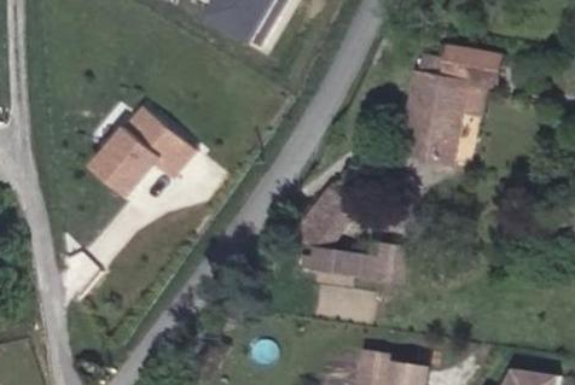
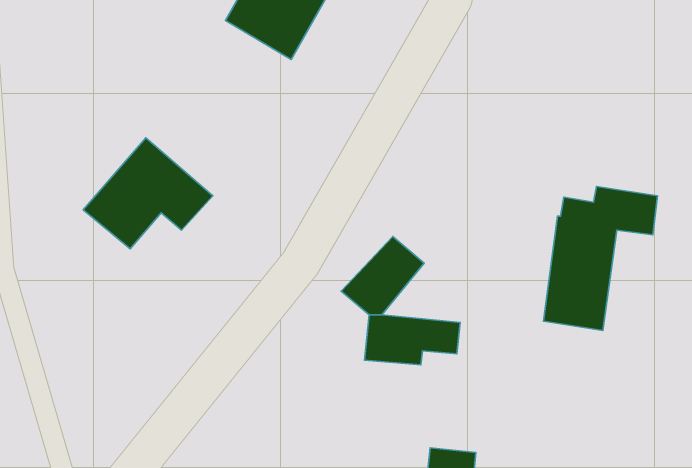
building: [410,46,498,157] -> [543,186,658,330]

